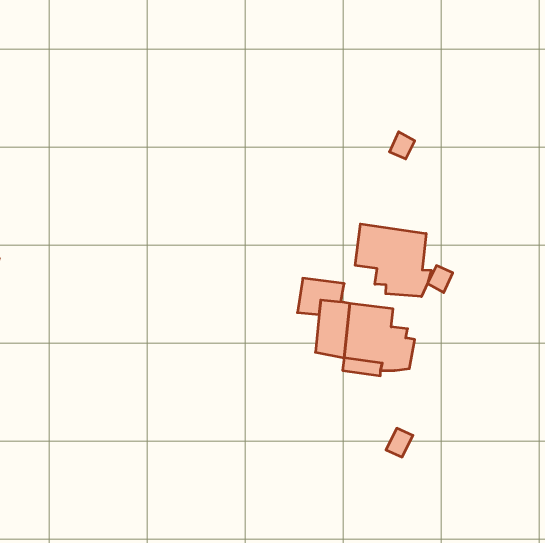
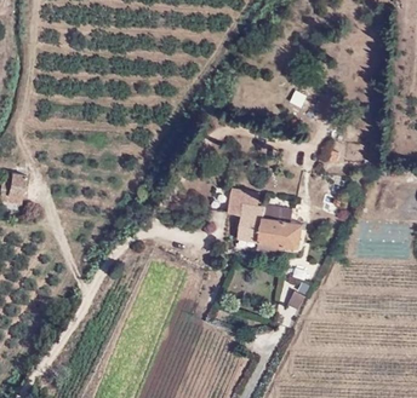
building: [355,224,431,297] -> none

